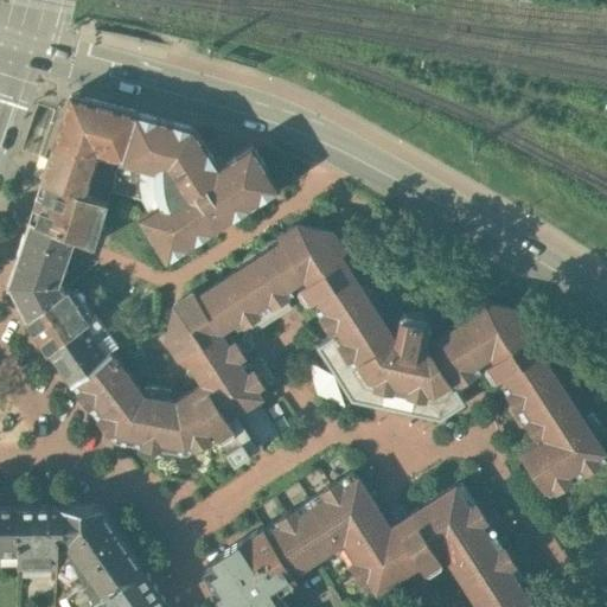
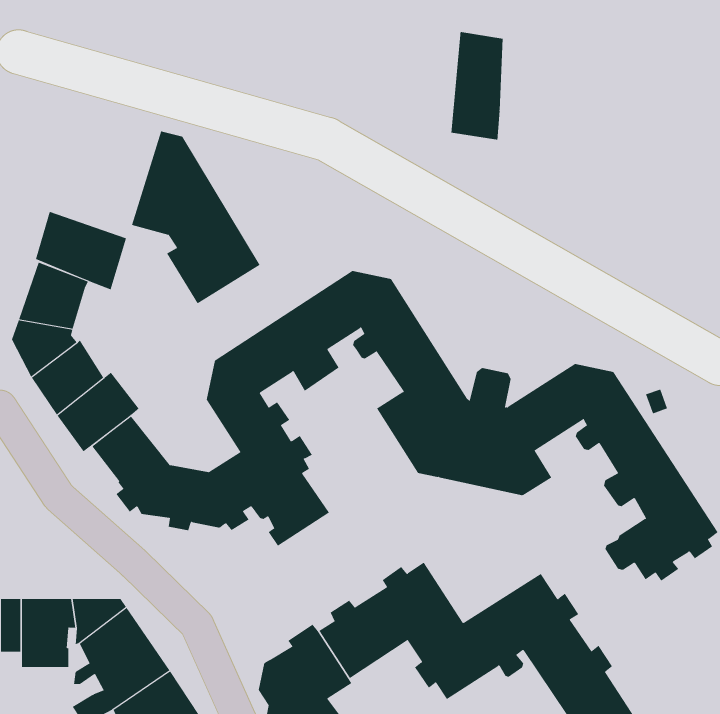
building: none -> [451,31,503,140]
building: [41,102,135,205] -> none
building: [154,120,279,228] -> none

